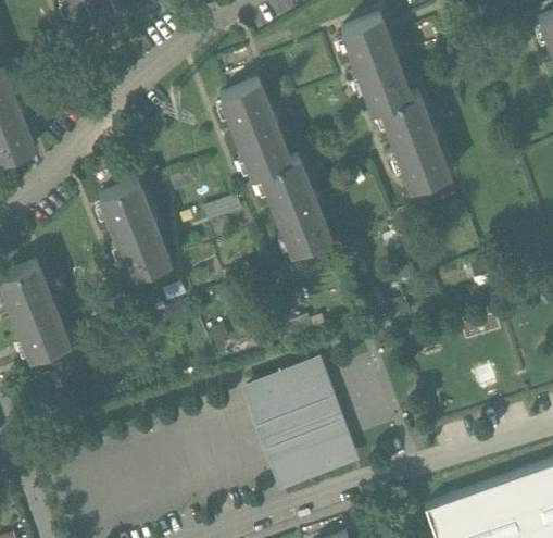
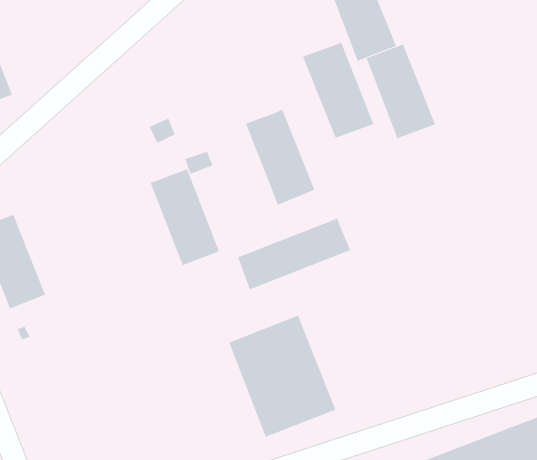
building: [221,83,291,177] -> [302,42,374,138]
building: [100,182,168,277] -> [150,169,220,266]
building: none -> [237,218,351,290]

